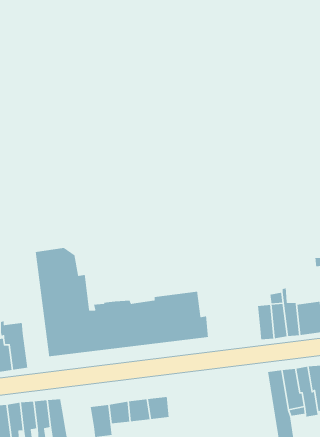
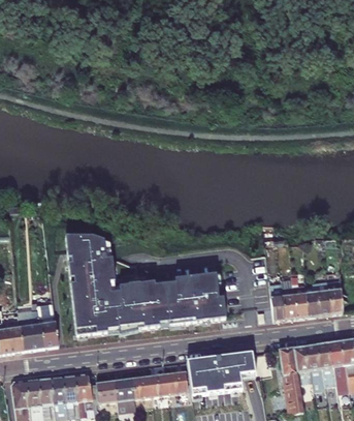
building: none -> [188,352,257,397]
building: none -> [91,381,119,402]

